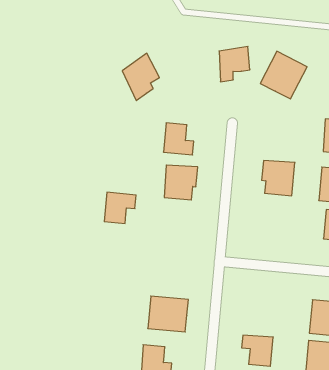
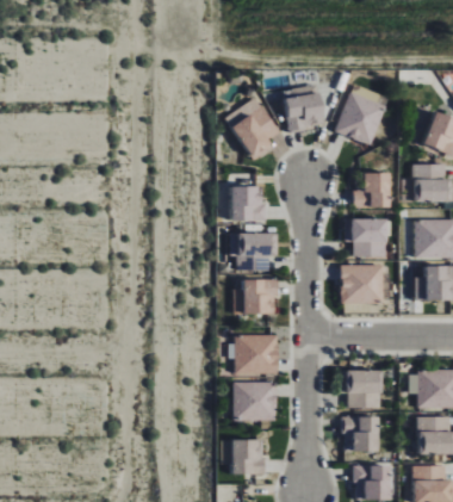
building: [122,53,159,101] -> [232,105,275,160]
building: none -> [353,173,387,206]
building: [104,192,136,223] -> [242,280,275,314]
building: none -> [339,266,381,303]
building: none -> [235,336,278,373]
building: none -> [342,371,378,409]

